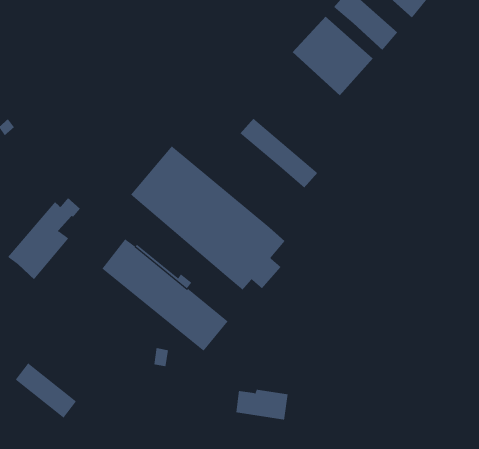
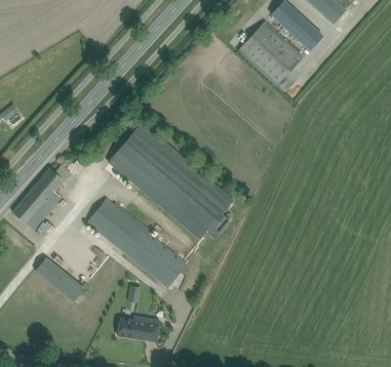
building: [239,118,318,188] -> none
building: [15,363,77,418] -> [35,256,84,300]
building: [236,389,289,420] -> [117,317,159,341]

